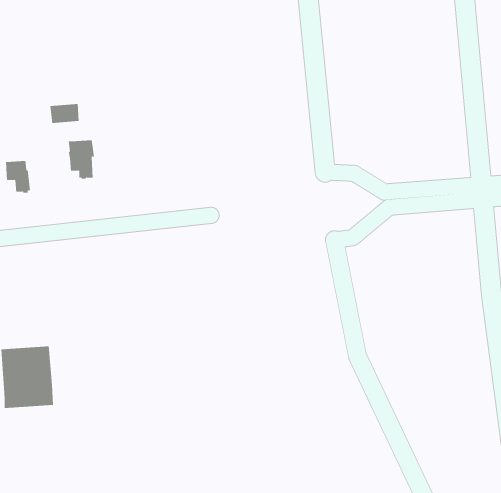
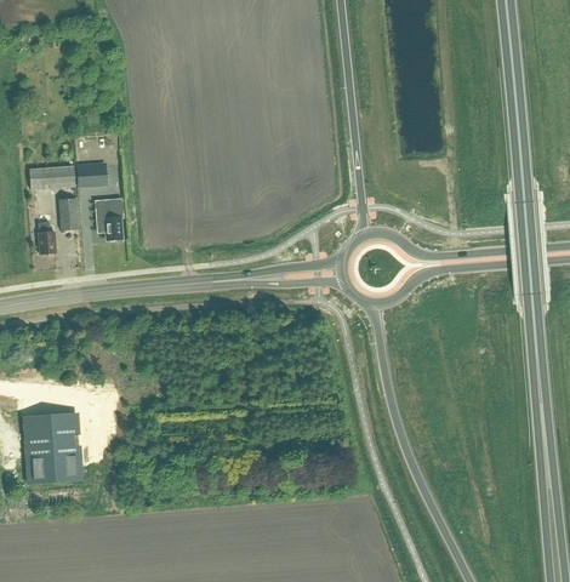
building: none -> [29,166,74,189]
building: none -> [58,199,78,230]

